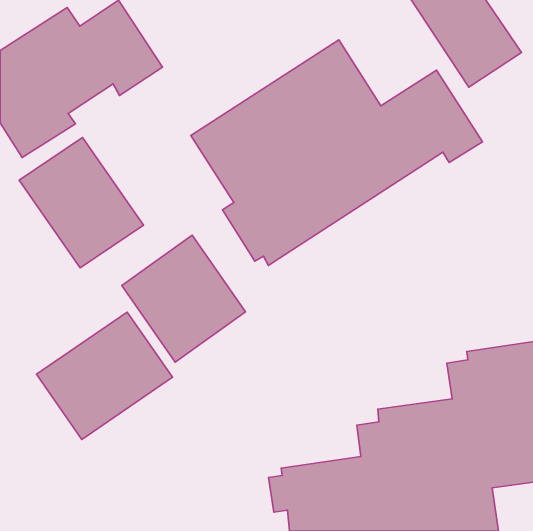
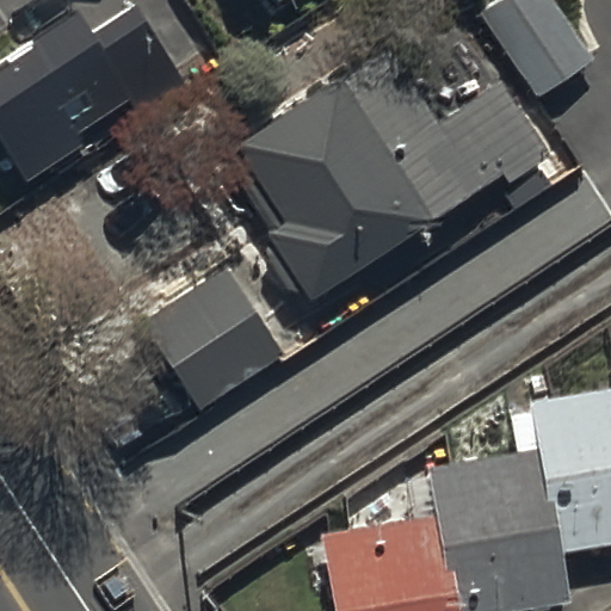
building: [19,137,144,268] -> none
building: [36,312,173,440] -> none

